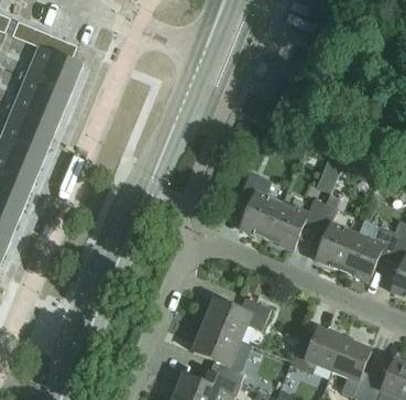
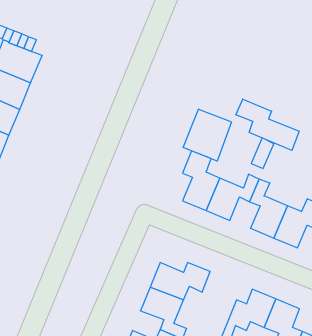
building: none -> [236,99,299,150]
building: none -> [183,109,232,161]

